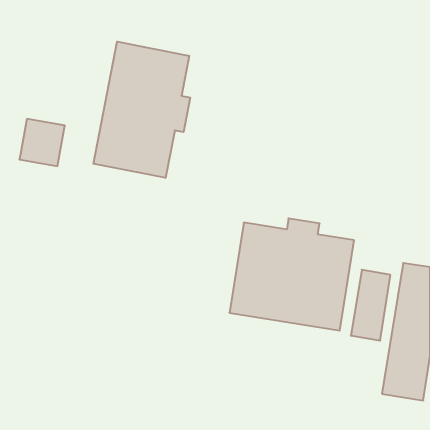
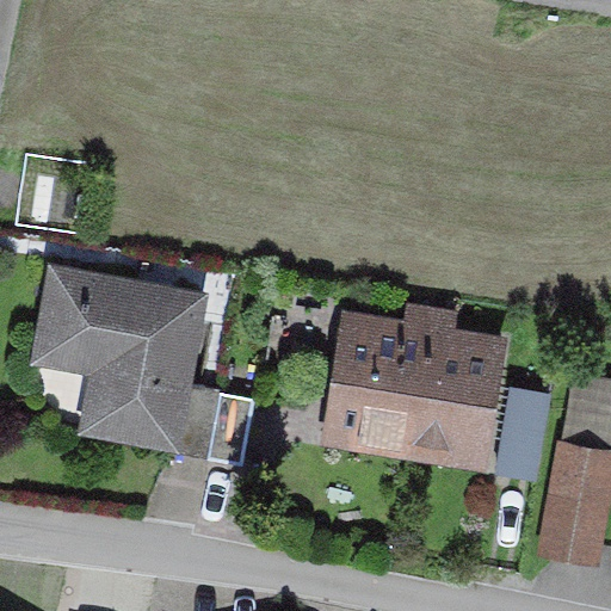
building: [93,42,190,178] -> none
building: none -> [29,263,221,457]

